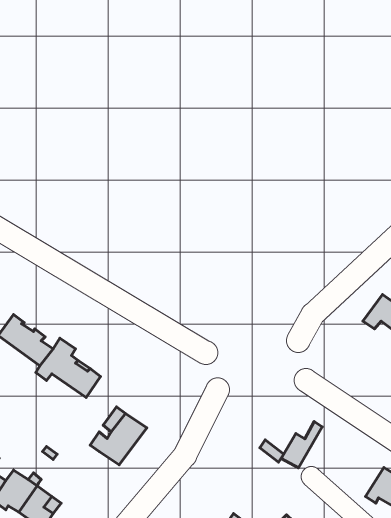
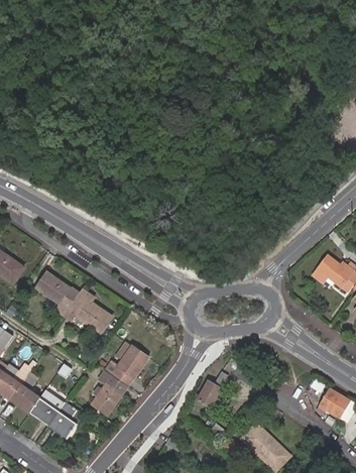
building: [281,422,322,468] -> [197,371,228,406]
building: none -> [92,370,127,416]

